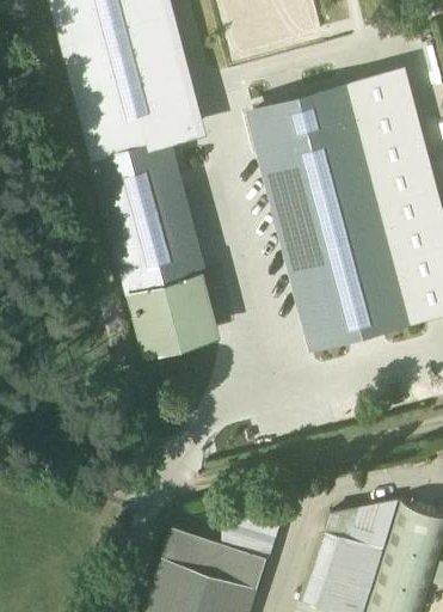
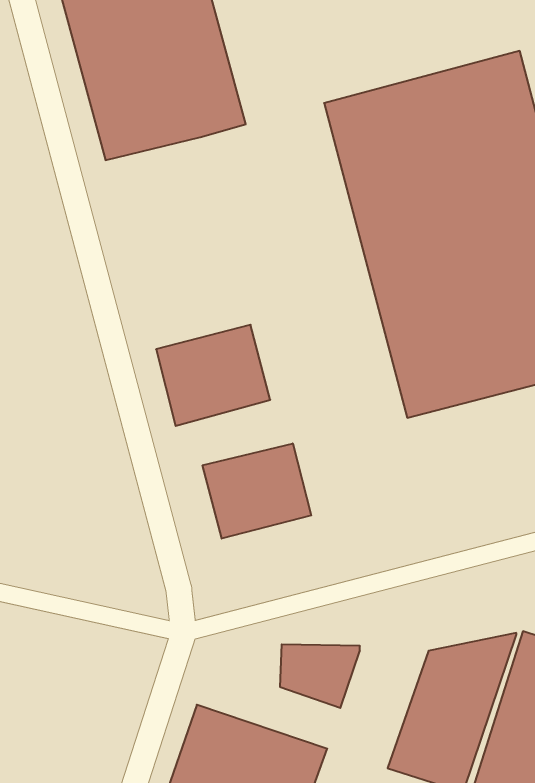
building: [97,136,203,292] -> none
building: none -> [203,443,311,539]
building: [164,522,269,585] -> none

